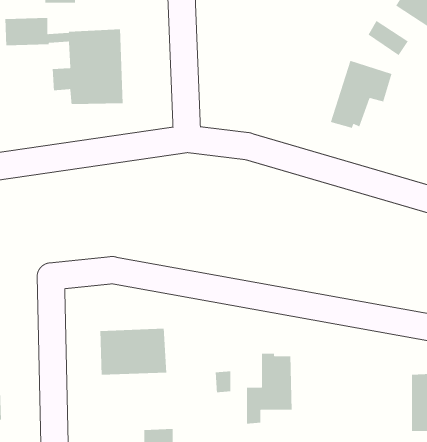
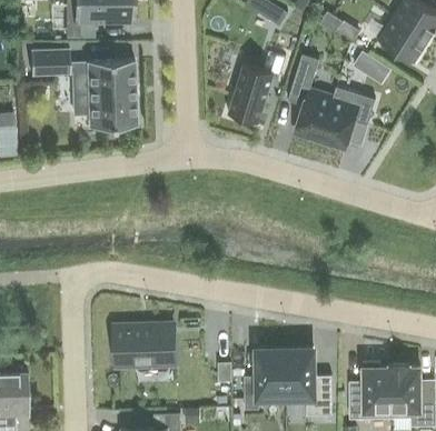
building: none -> [288,54,337,142]
building: none -> [228,63,275,122]
building: none -> [285,345,333,415]
building: none -> [350,362,392,418]

